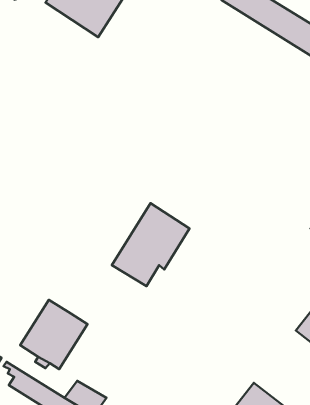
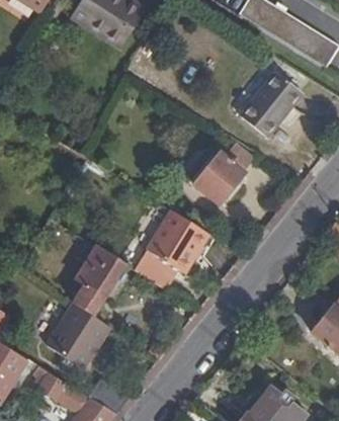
building: none -> [241,71,302,136]
building: none -> [194,152,244,203]
building: none -> [73,244,125,315]

